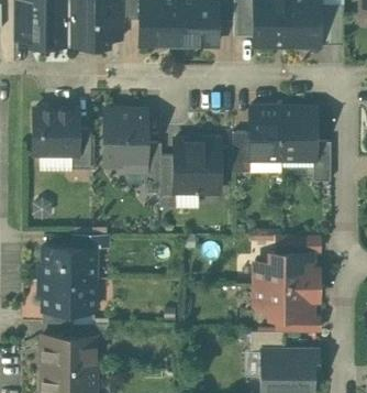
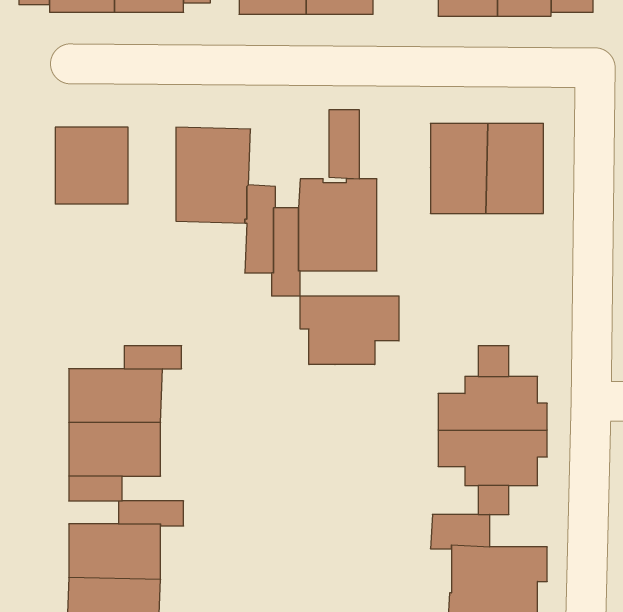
building: [71,130,91,170] -> none
building: [233,133,251,173] -> [329,110,359,179]
building: [313,142,331,182] -> none
building: none -> [300,296,399,365]

